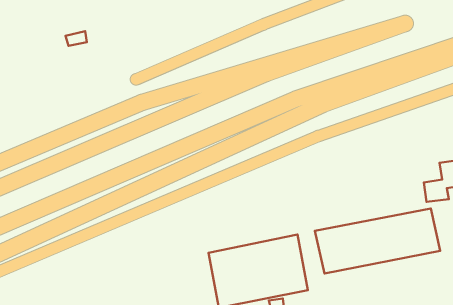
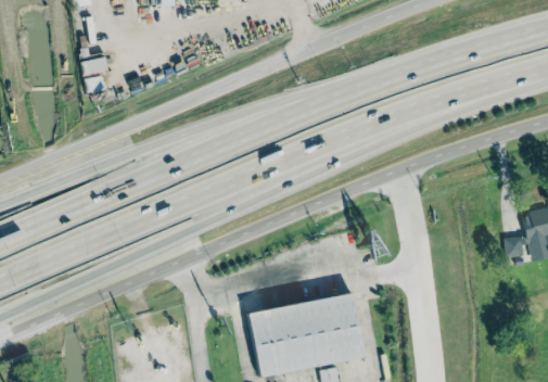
building: [315,209,440,274] -> none

